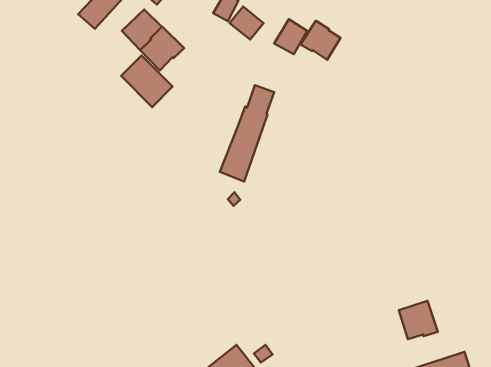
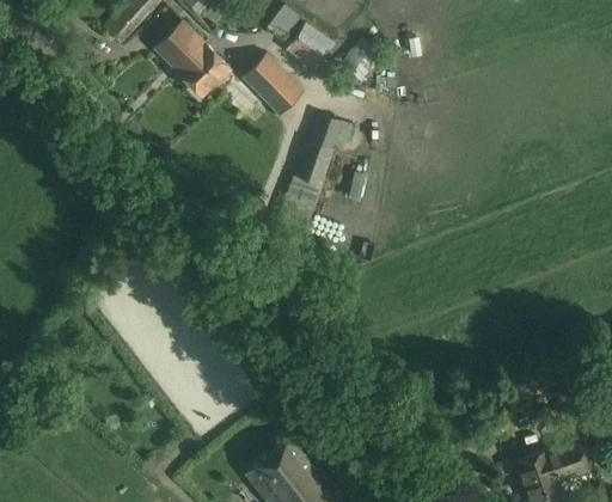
building: [301,21,340,60] -> none
building: [121,56,173,107] -> [241,53,305,116]
building: [399,301,438,339] -> none

